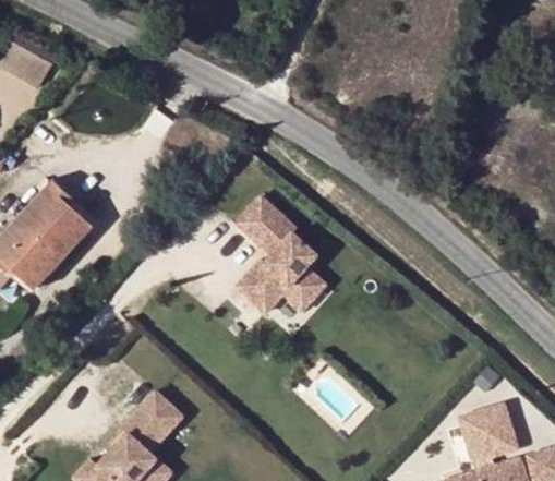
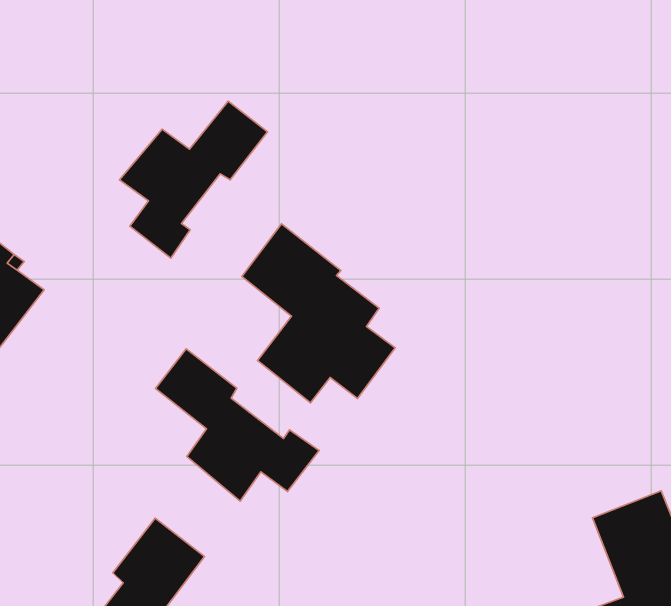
building: none -> [120,101,268,258]
building: none -> [156,349,319,501]

